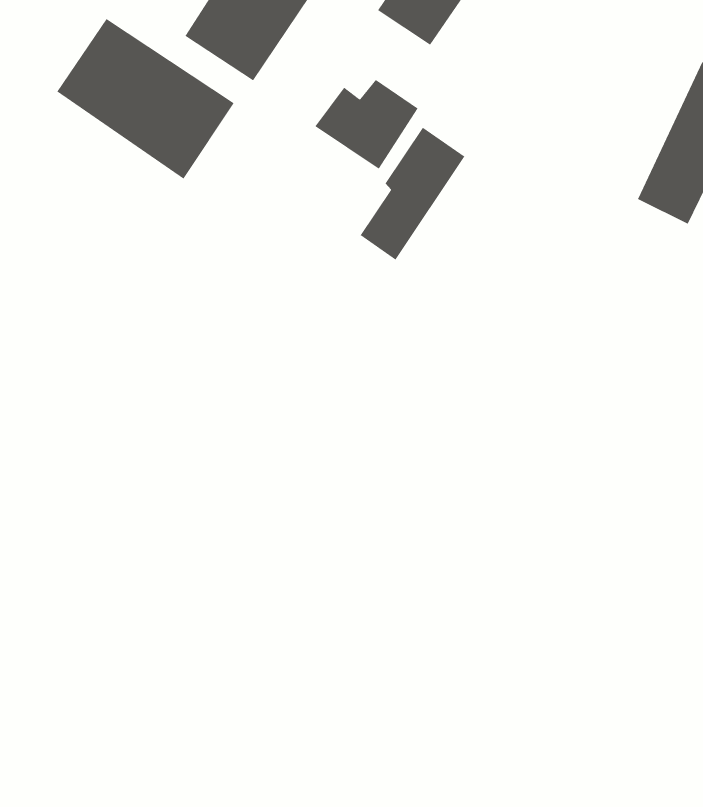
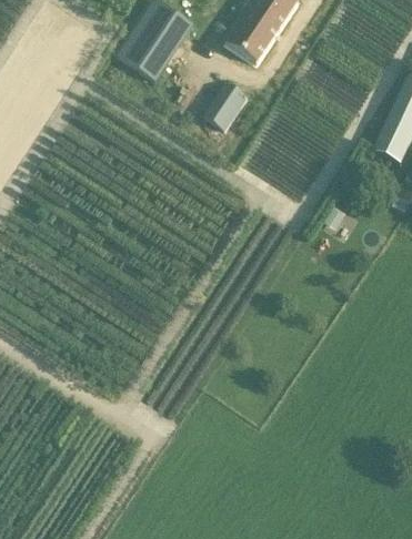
building: [57,18,235,179] -> none
building: [360,127,465,261] -> none

